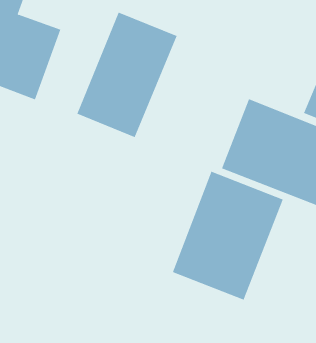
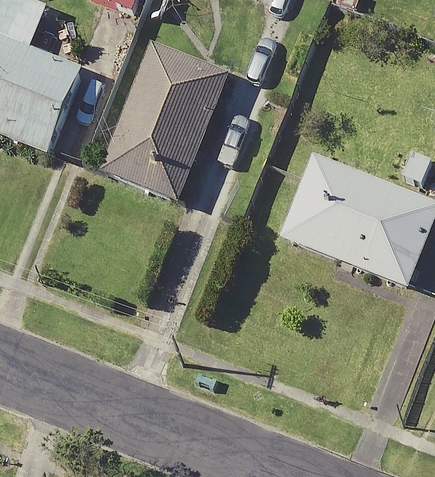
building: [172,171,283,301] -> none

